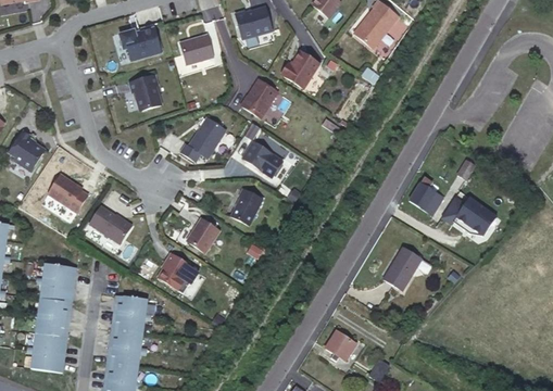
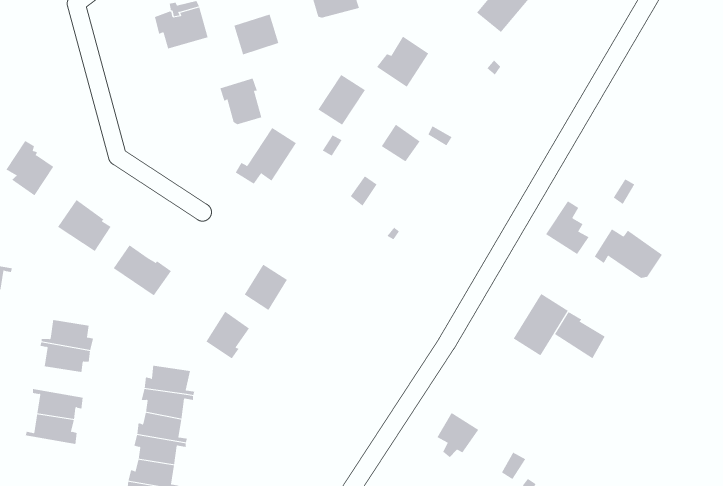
building: [128,77,160,112] -> [220,78,262,125]
building: [246,142,275,171] -> [381,124,421,162]
building: [225,190,264,226] -> none
building: none -> [554,311,605,359]
building: [29,297,68,319] -> none
building: [24,348,62,370] -> none

